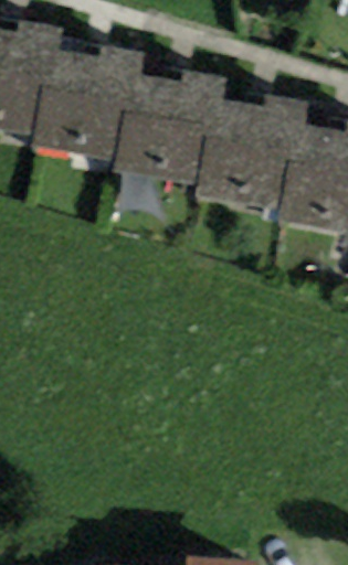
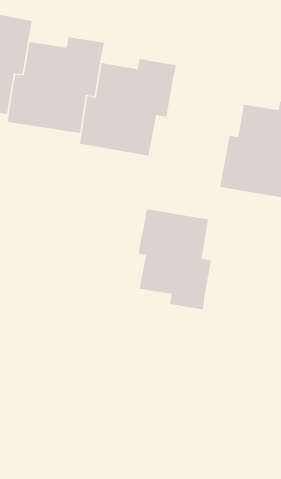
building: [191,96,304,210] -> none
building: none -> [138,208,211,310]

